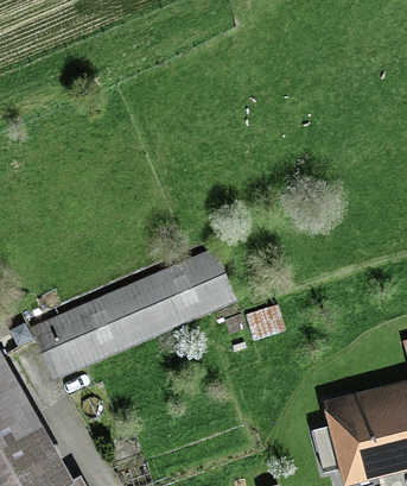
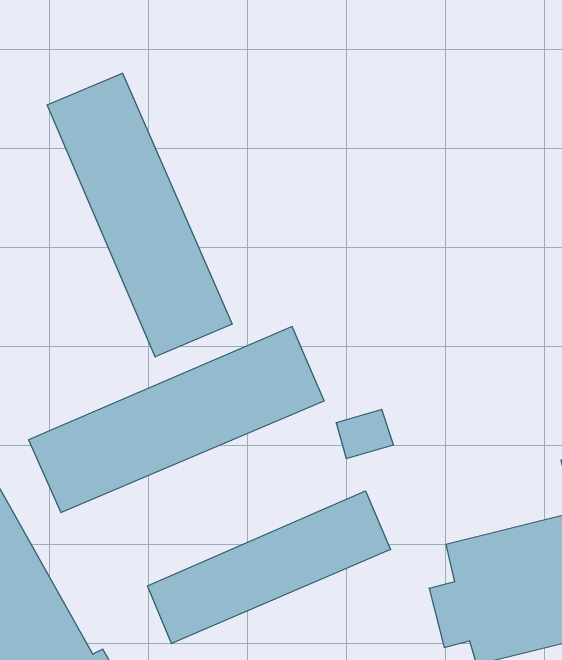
building: none -> [47,73,232,357]
building: none -> [147,491,391,644]

